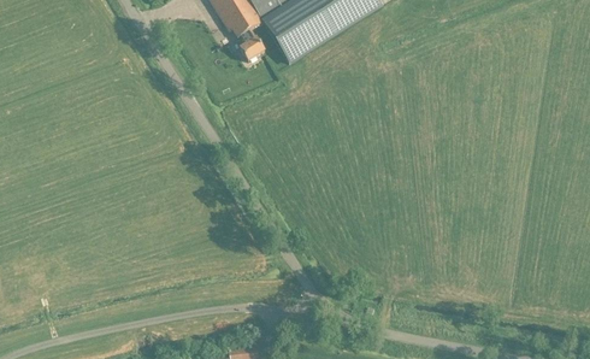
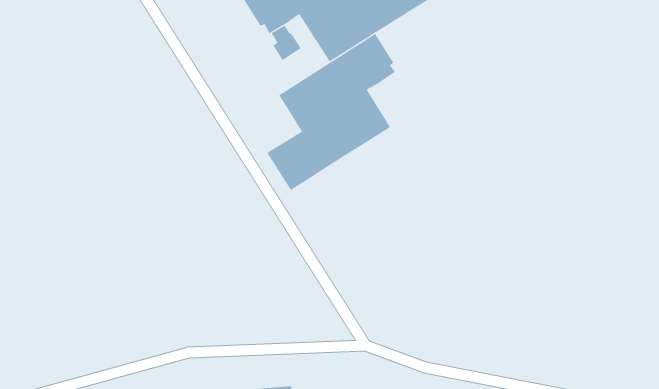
building: none -> [267,33,396,191]

